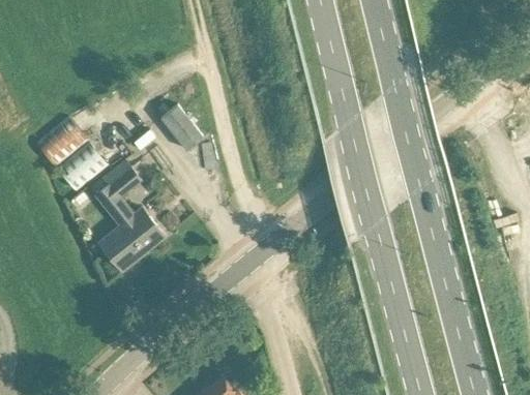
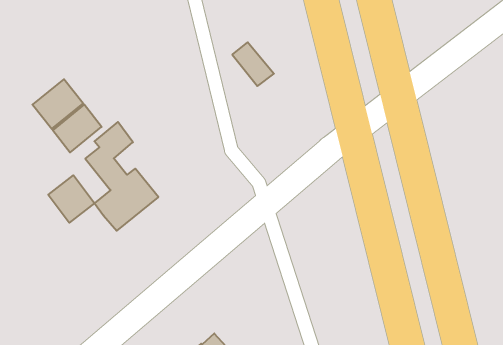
building: [161,105,204,150] -> [232,42,274,86]
building: none -> [48,175,94,223]

